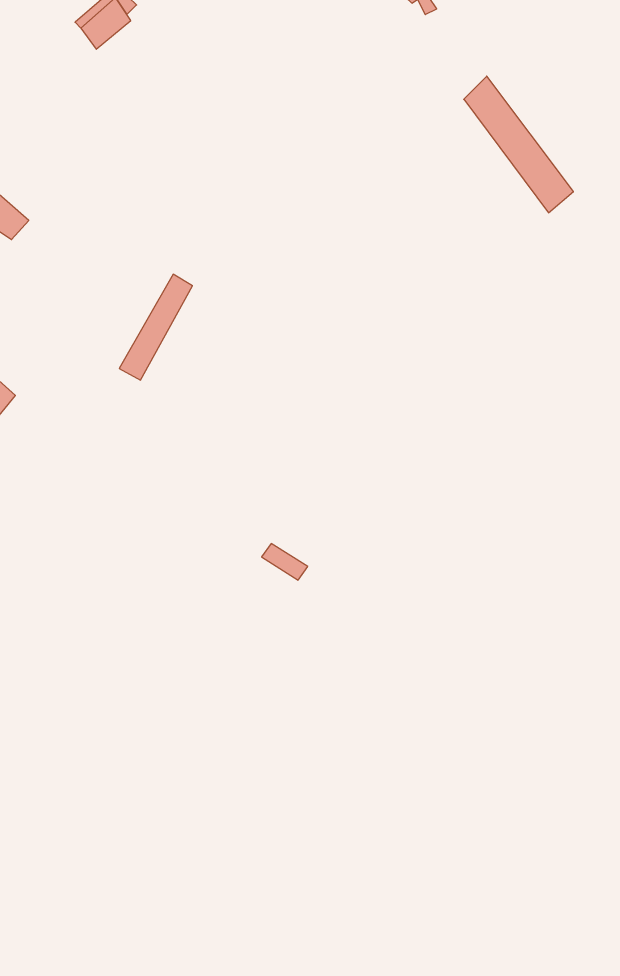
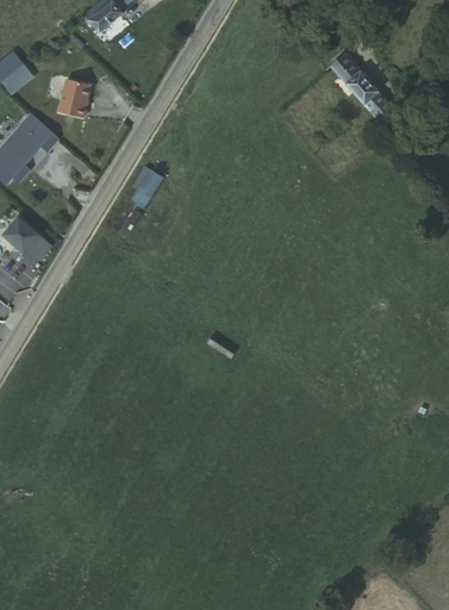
building: none -> [58,80,87,117]

